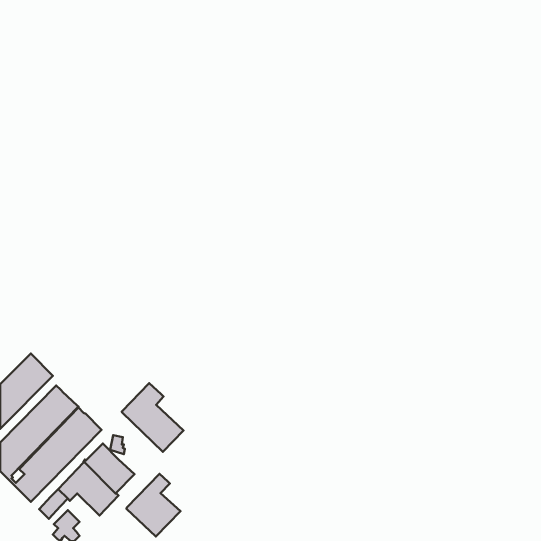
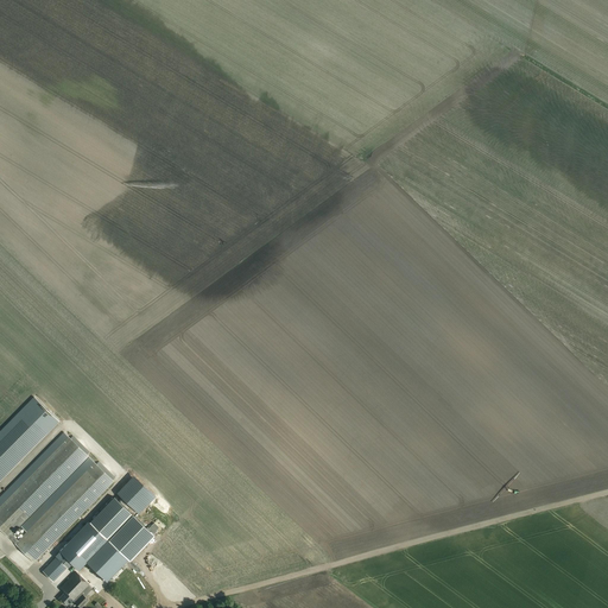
building: [122,383,184,452] -> none
building: [127,474,180,536] -> none

